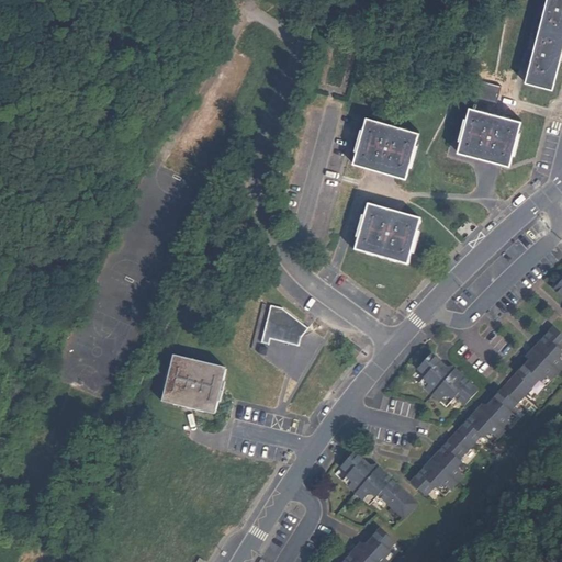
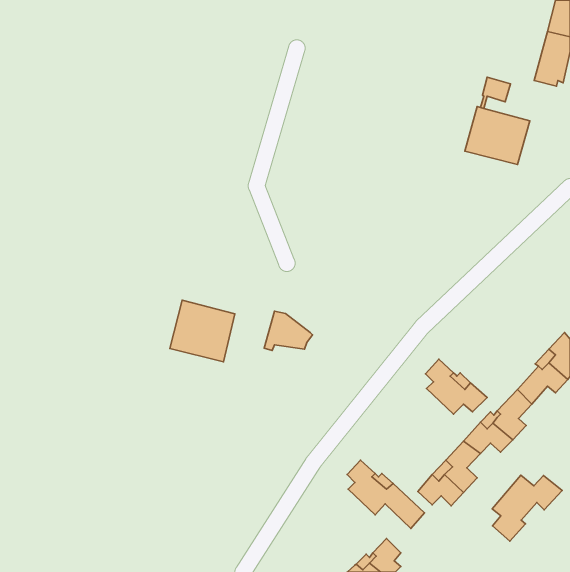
building: [353,117,417,175] -> none
building: [353,204,419,263] -> none
building: [160,352,224,413] -> [170,300,235,362]
building: none -> [492,475,562,541]

